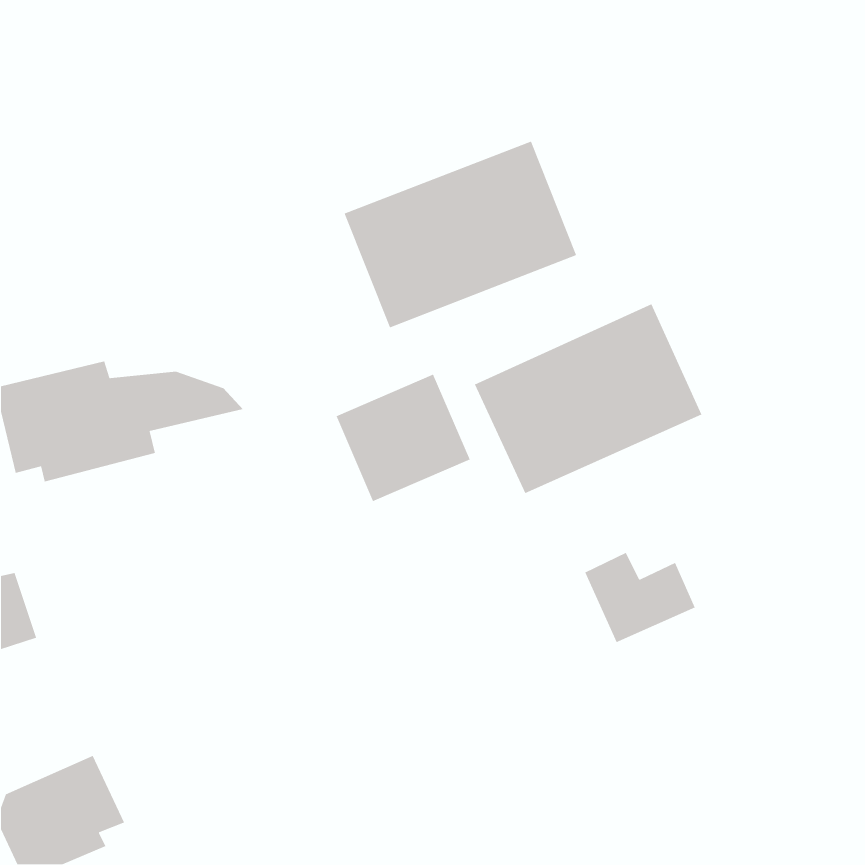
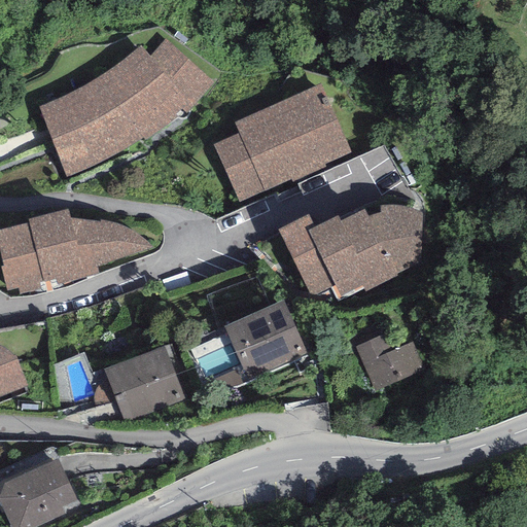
building: none -> [30,27,210,178]
building: [335,374,471,502] -> [224,301,307,379]
building: none -> [104,345,186,422]

